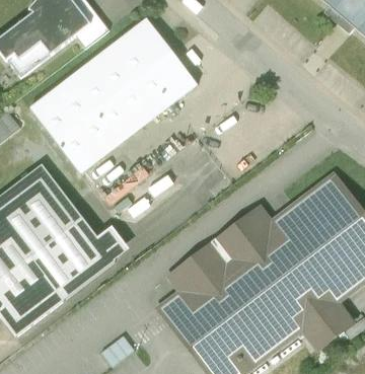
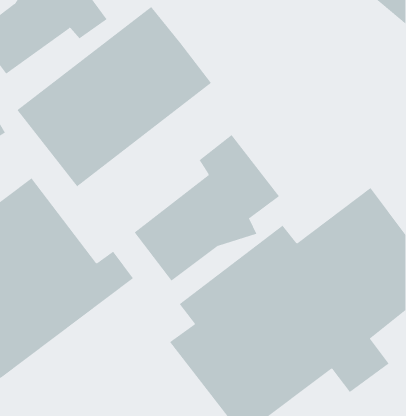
building: none -> [134,134,280,281]

